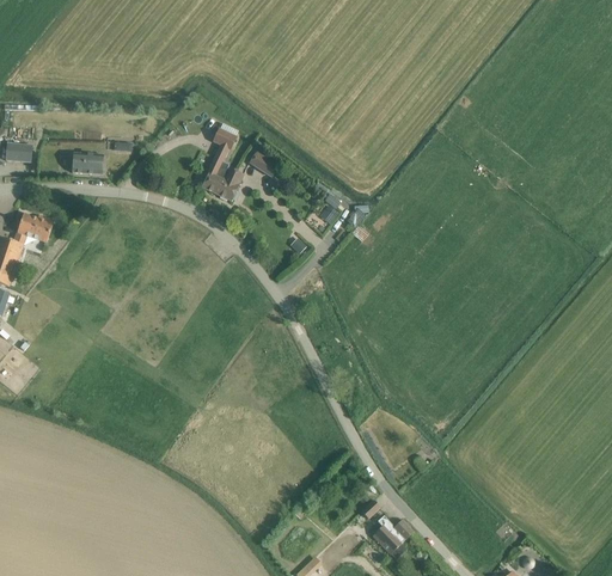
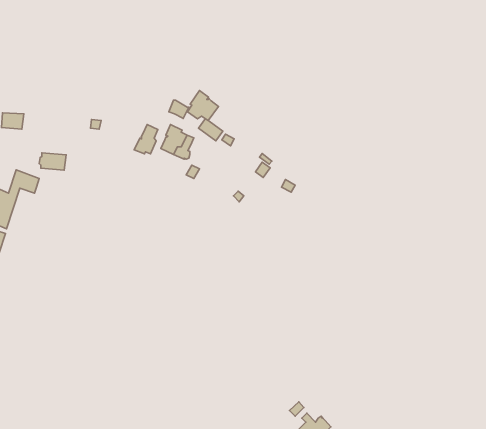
building: none -> [187,91,219,121]
building: [69,152,103,173] -> [39,153,66,170]
building: none -> [134,124,158,154]

